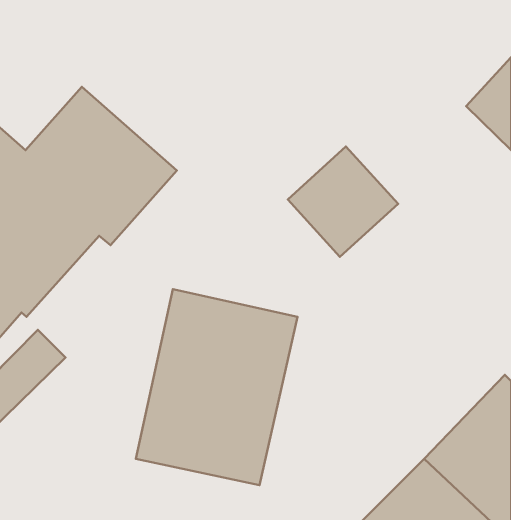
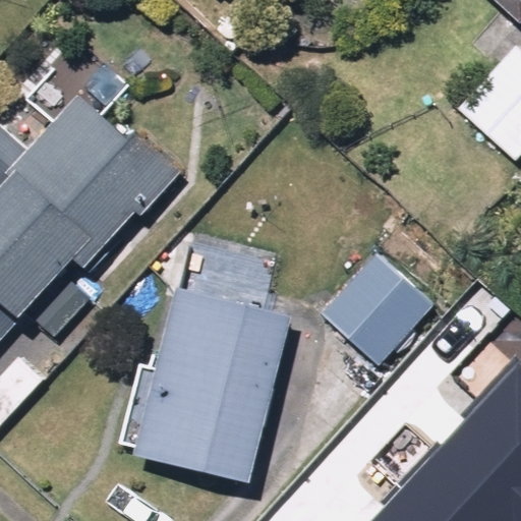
building: [288,147,398,257] -> [317,253,427,363]

